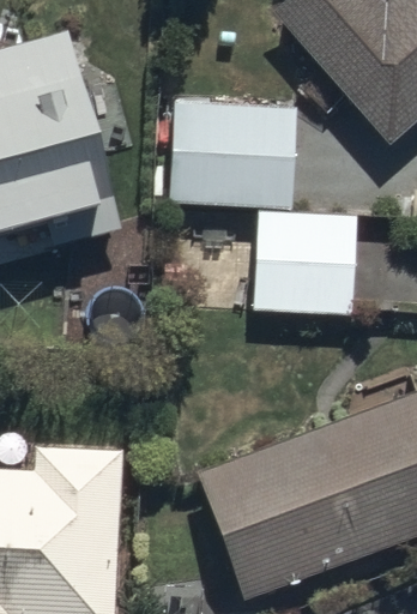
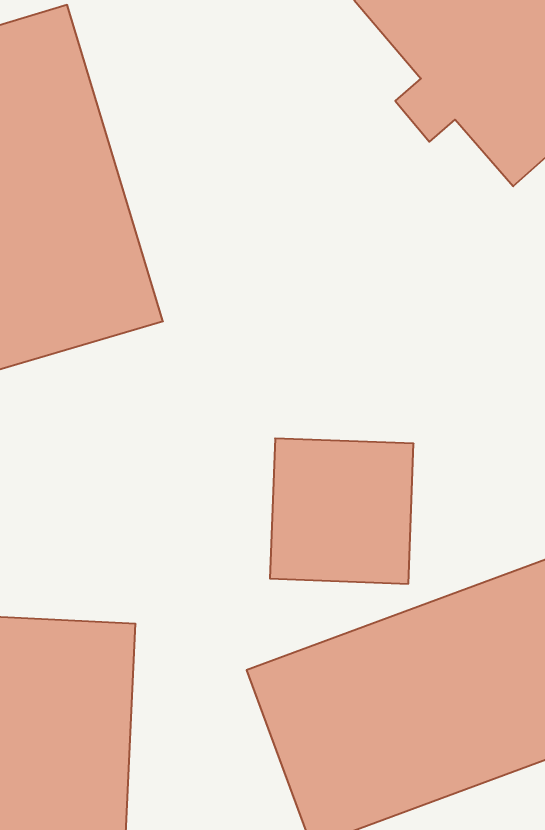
building: [153,101,296,207] -> none
building: [254,211,355,313] -> [270,438,414,584]

